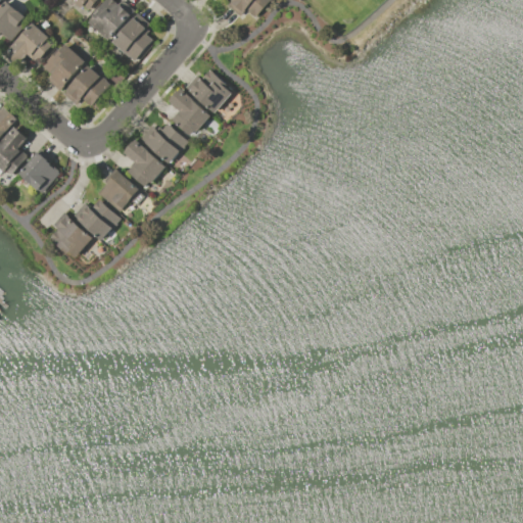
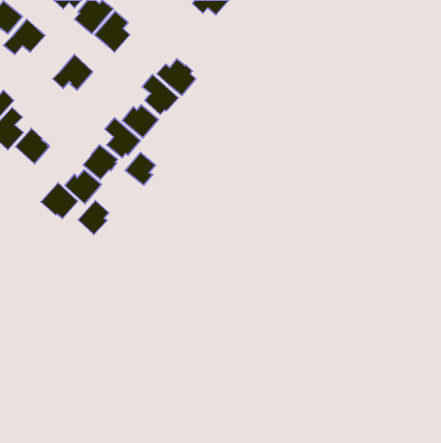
building: [42,44,86,92] -> none
building: none -> [125,152,156,185]
building: none -> [78,201,109,235]

